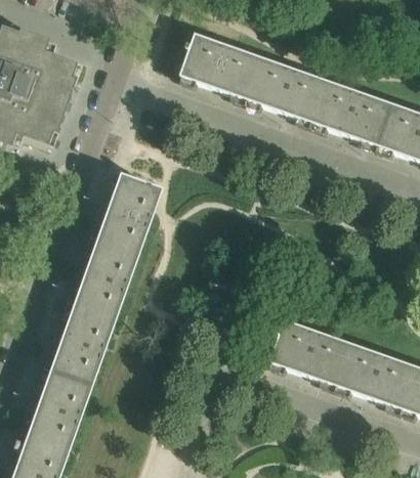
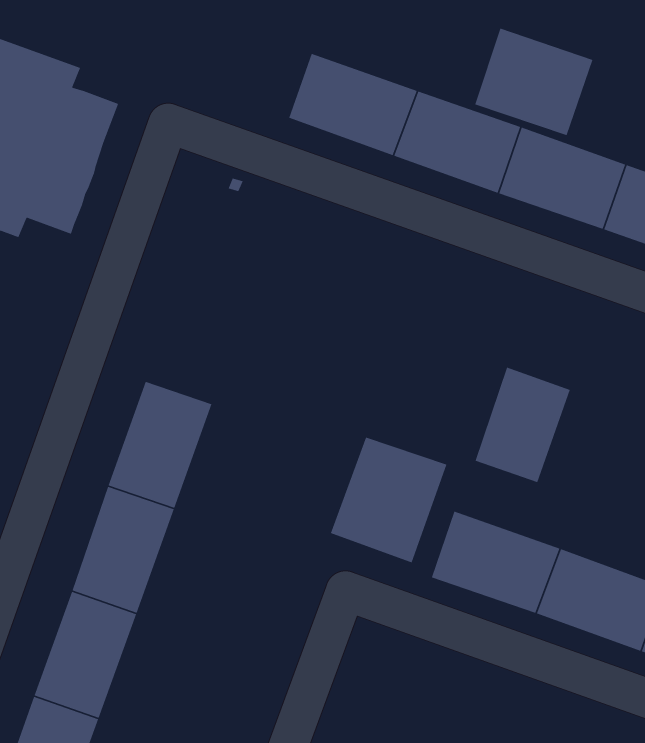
building: none -> [474,27,594,136]
building: [95,173,160,253] -> none
building: none -> [475,367,571,483]
building: none -> [330,437,447,563]

